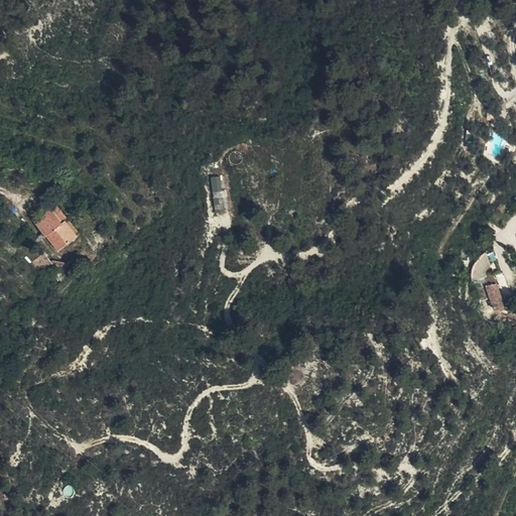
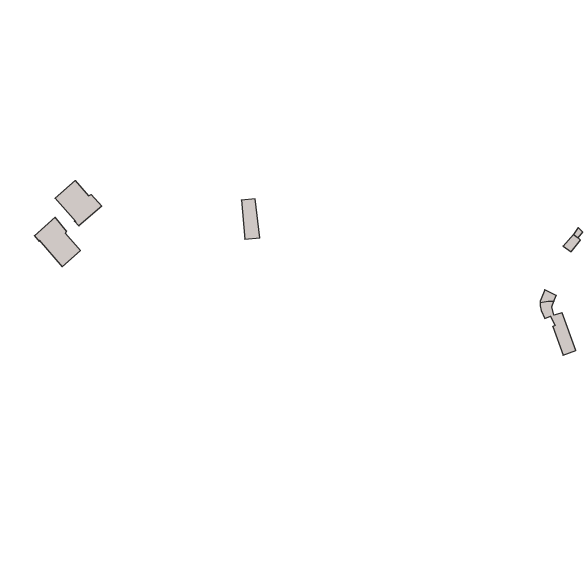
building: none -> [55,181,102,226]

